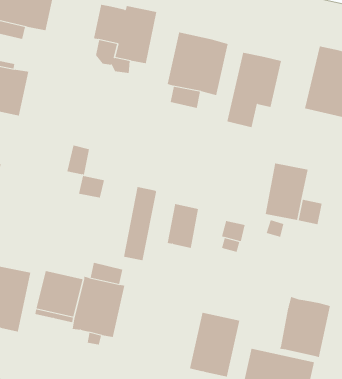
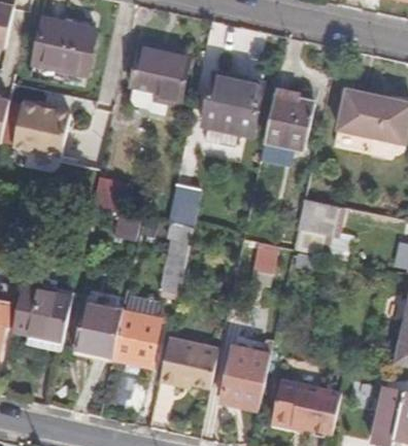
building: [167,204,199,248] -> [166,183,197,227]
building: [279,296,331,358] -> none
building: none -> [158,338,218,387]

